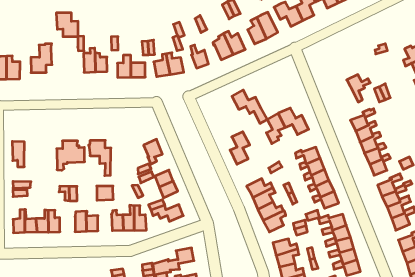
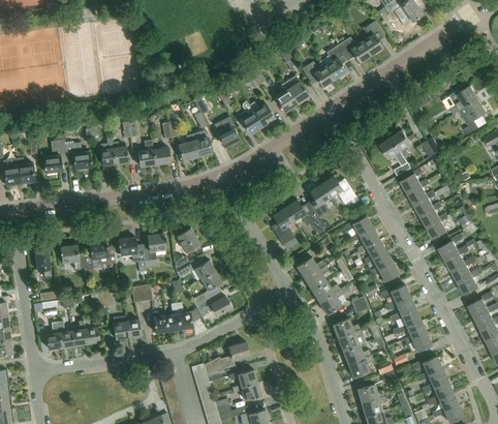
building: [56,13,78,37] -> [64,142,91,169]
building: none -> [380,139,410,177]
building: [232,90,267,123] -> [284,201,325,235]
building: none -> [143,234,165,274]
building: none -> [60,245,87,276]

